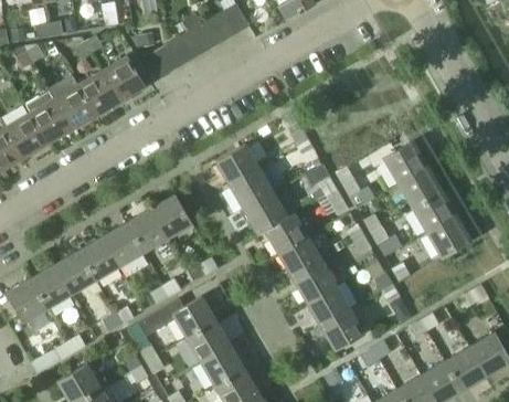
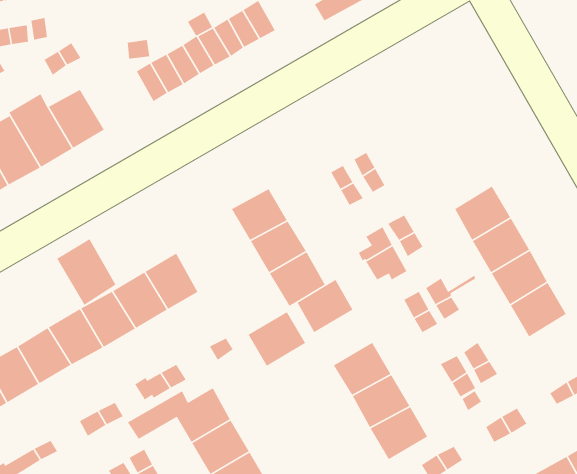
building: [102,56,145,102] -> none
building: none -> [56,238,117,306]
building: [278,237,322,279] -> [248,311,306,367]

